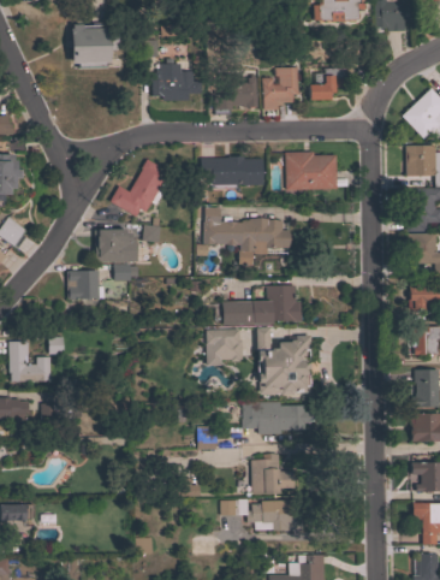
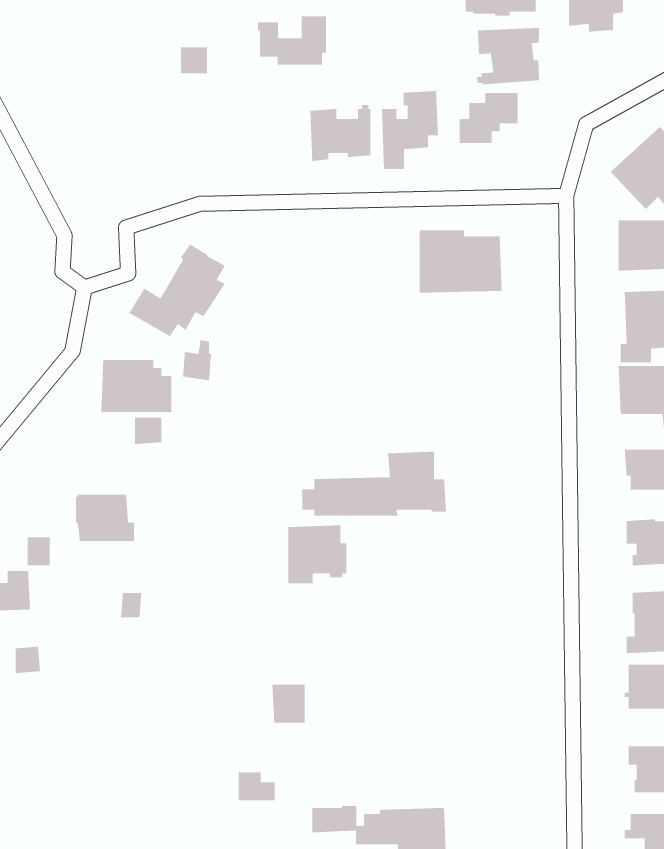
building: [72,24,118,67] -> none
building: none -> [476,27,540,85]
building: [151,70,194,100] -> [257,16,327,65]
building: [207,155,263,185] -> none
building: [204,207,290,265] -> none
building: [67,270,103,298] -> [75,494,135,542]
building: [257,327,313,393] -> none
building: [243,401,315,433] -> none
building: [251,452,299,493] -> none

